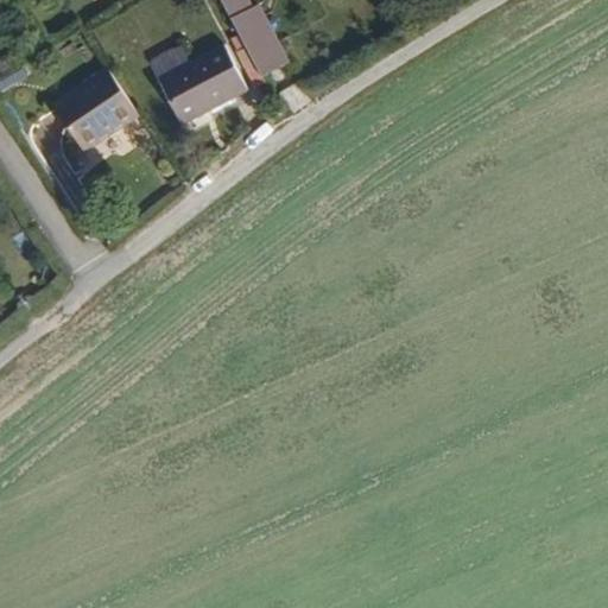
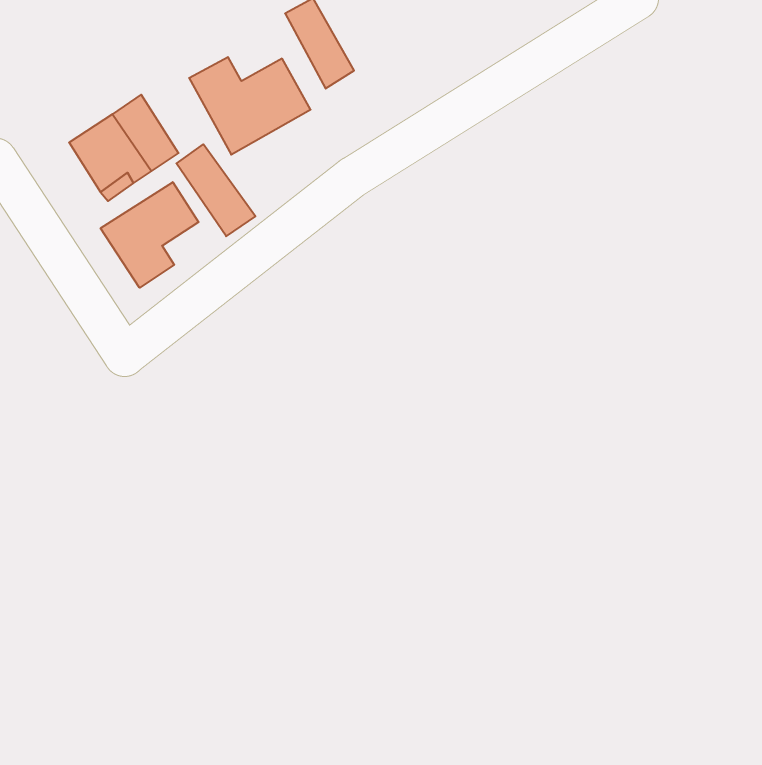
building: none -> [176,144,255,236]
building: none -> [101,182,199,288]

